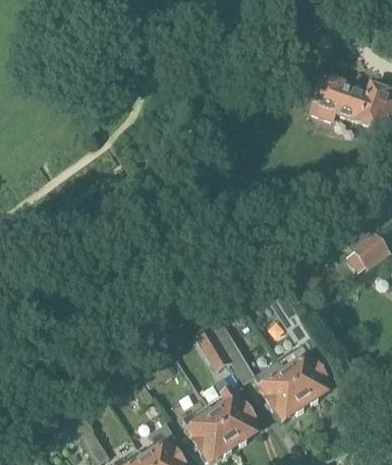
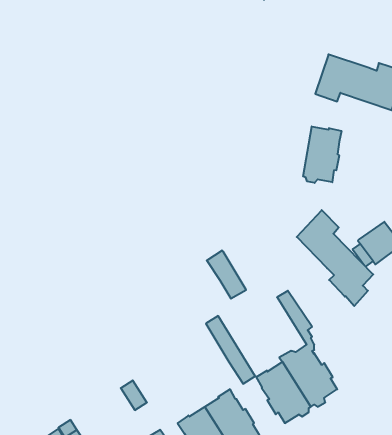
building: none -> [303,126,341,183]
building: none -> [297,210,373,306]
building: [193,326,230,370] -> [207,250,246,299]

